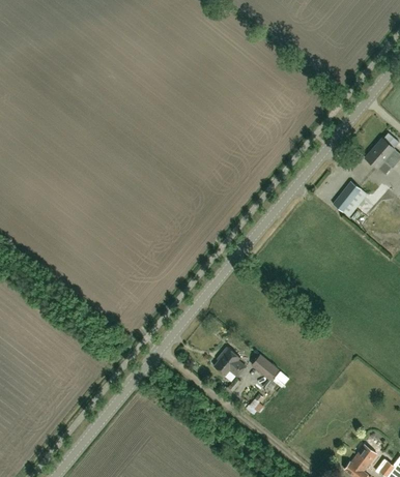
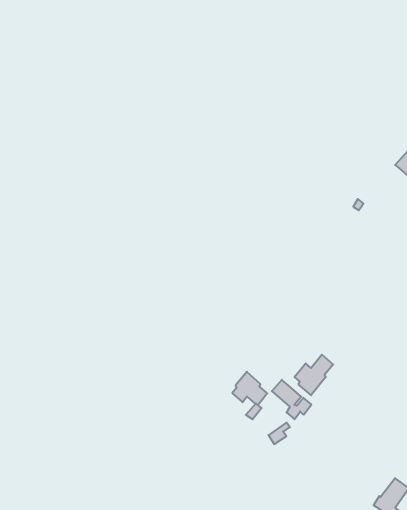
building: [333,181,366,217] -> none
building: none -> [295,355,333,395]

